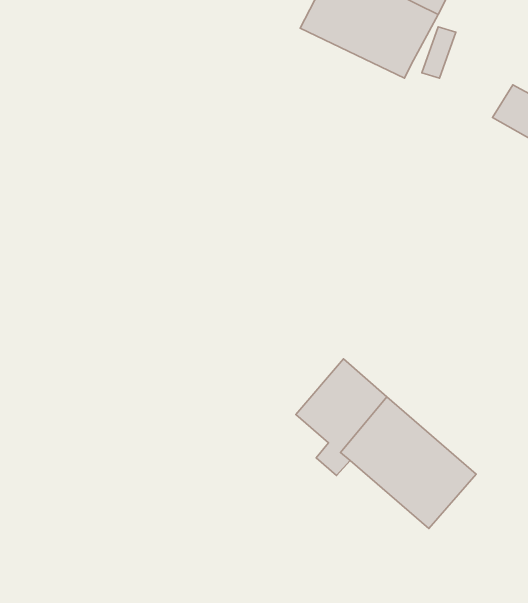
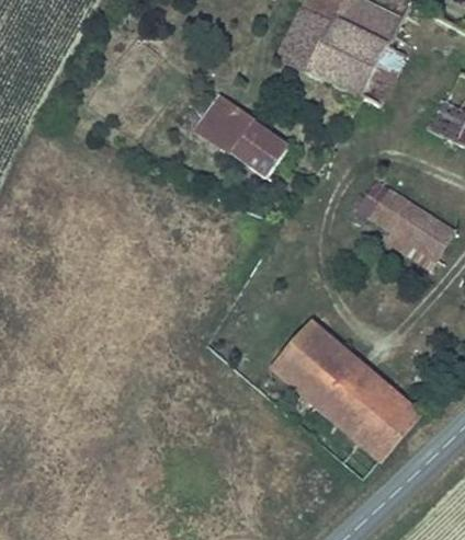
building: none -> [199,96,287,175]
building: none -> [359,182,451,263]

